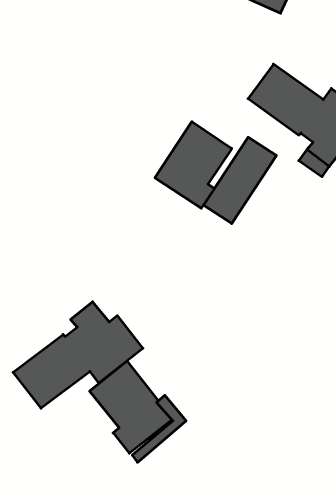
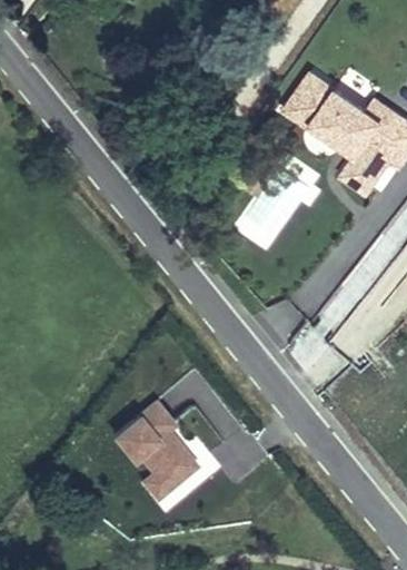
building: [155,122,232,208] -> none
building: [13,302,143,408] -> none

